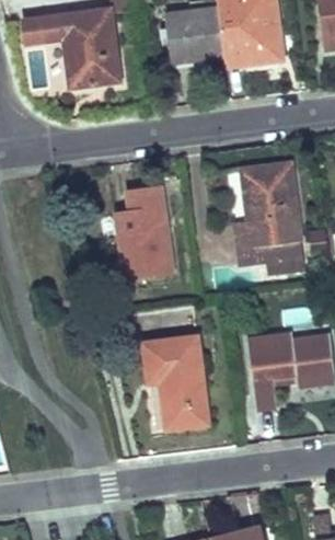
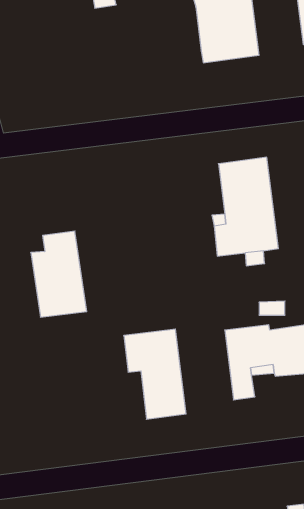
building: [23,10,118,88] -> none
building: [165,10,223,62] -> none
building: [116,191,173,278] -> [31,231,87,317]

